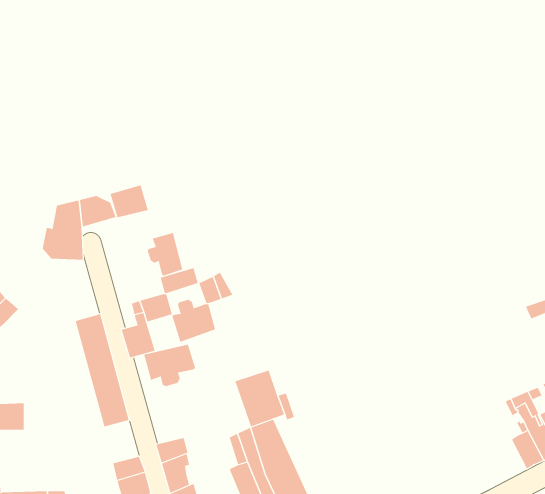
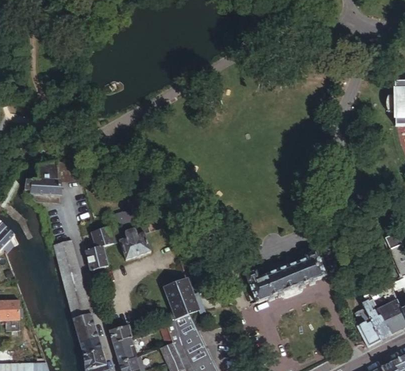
building: [110,184,148,218] -> none
building: [147,232,183,277] -> none
building: none -> [244,251,323,303]
building: [144,344,196,387] -> none
building: none -> [73,313,98,343]

